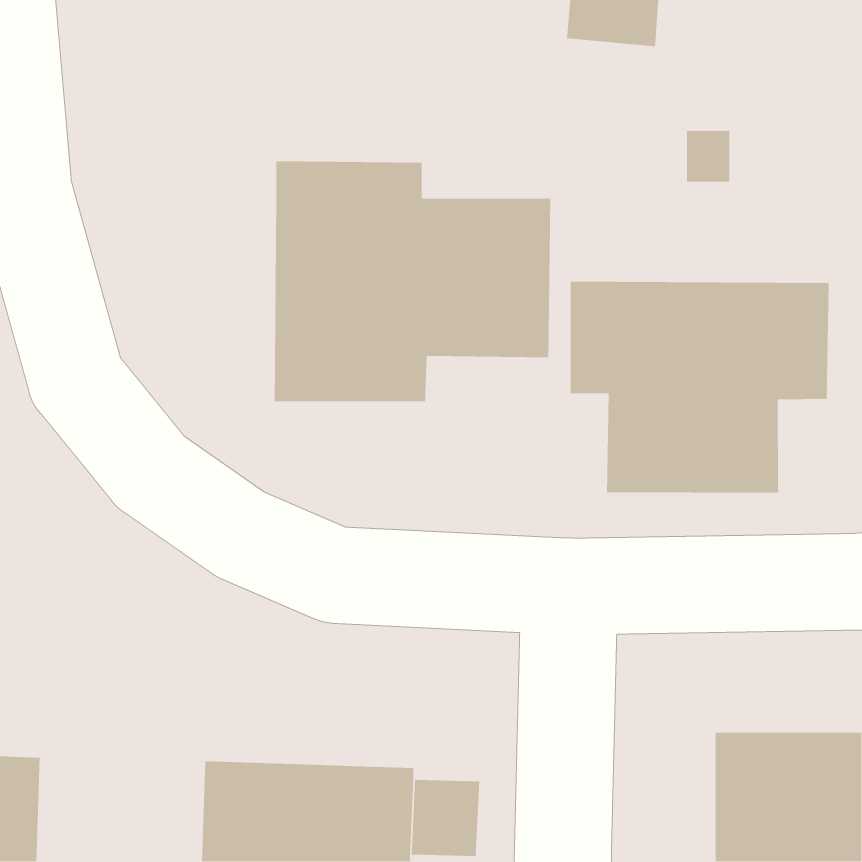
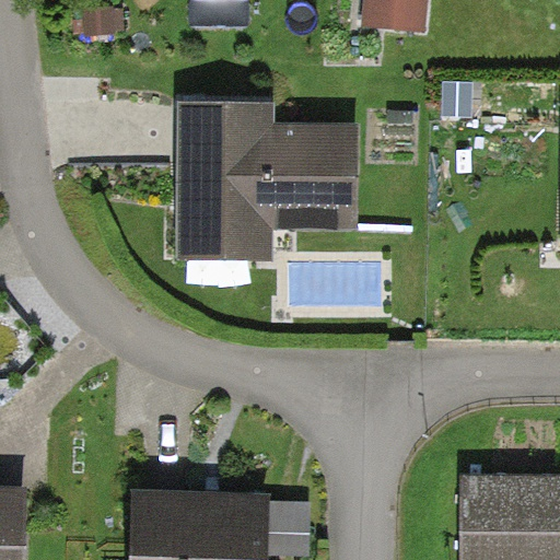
building: [570,281,829,494] -> none

